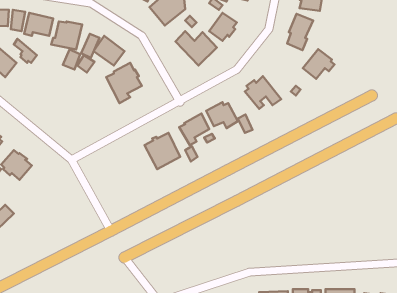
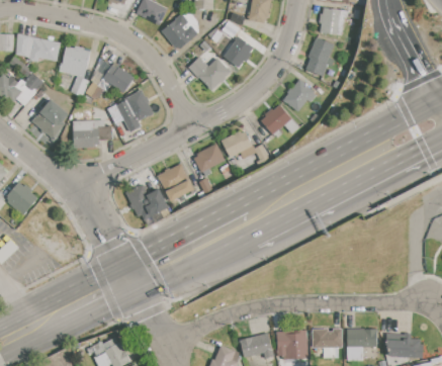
building: [303,49,335,79] -> [283,80,317,111]
building: none -> [33,99,69,138]
building: none -> [73,120,112,149]
building: none -> [126,185,170,221]

